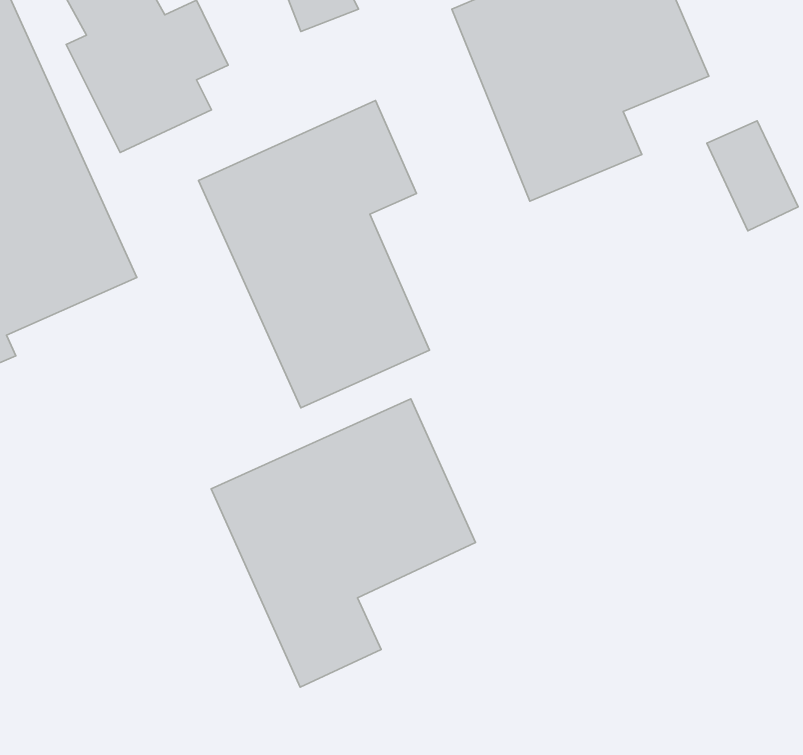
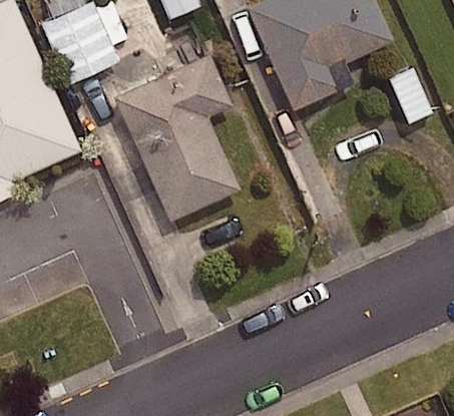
building: [211,399,476,687] -> none

